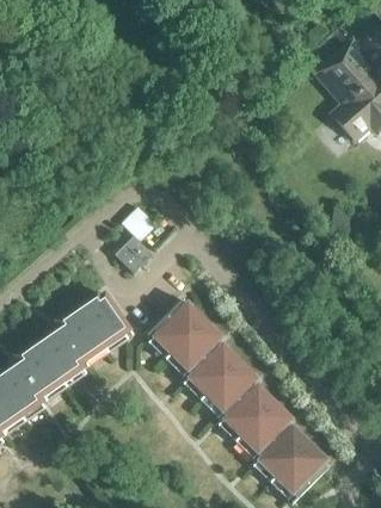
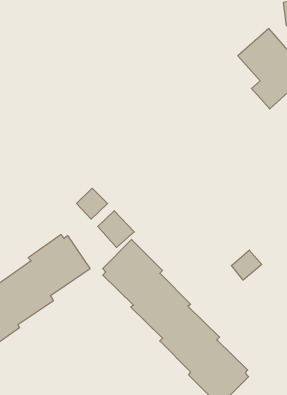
building: none -> [98,211,134,247]
building: none -> [231,250,262,280]

